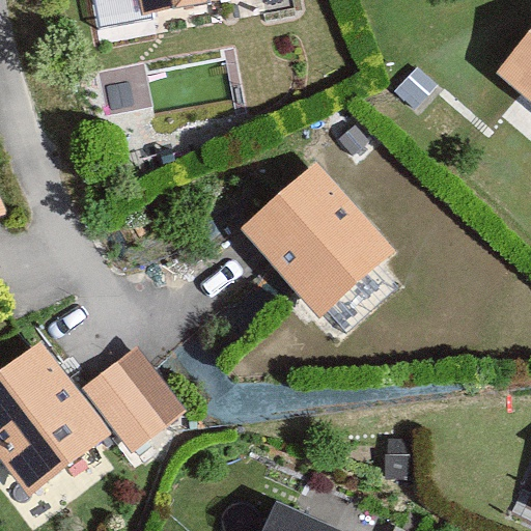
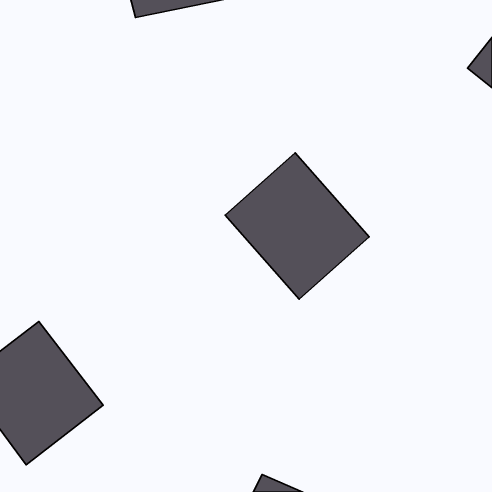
building: [82,343,184,448] -> none

